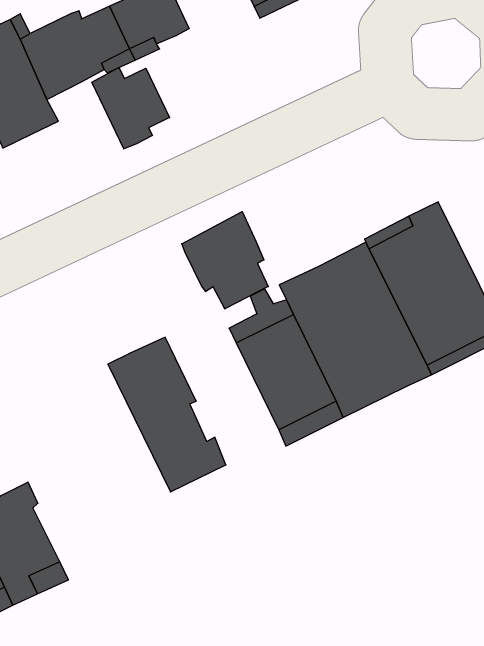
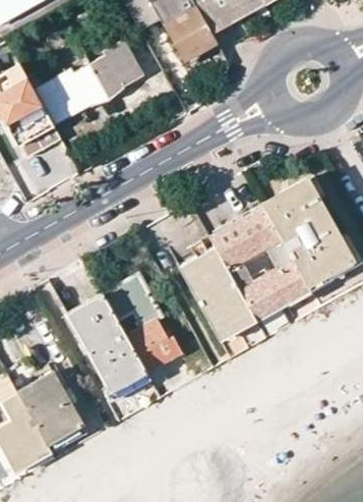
building: [92,68,170,149] -> none
building: [182,212,268,309] -> none
building: none -> [67,293,150,398]

